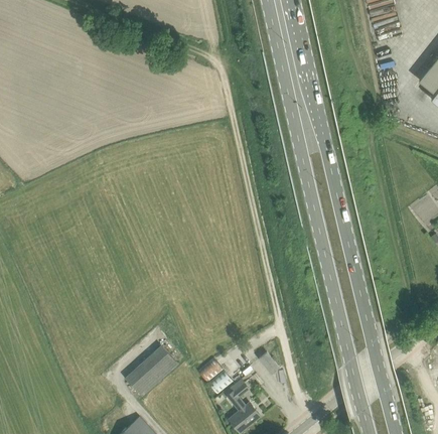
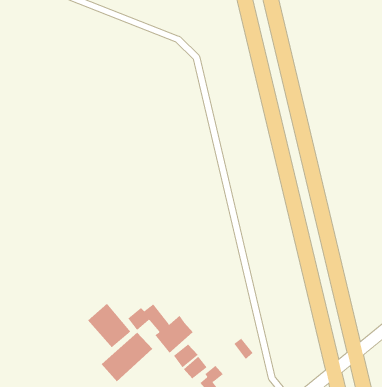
building: none -> [87,303,131,348]
building: none -> [128,304,193,353]

